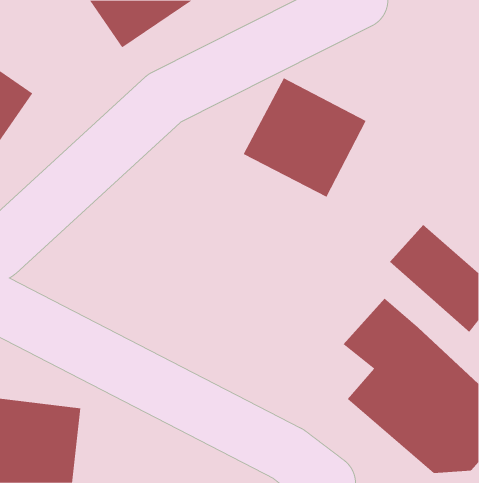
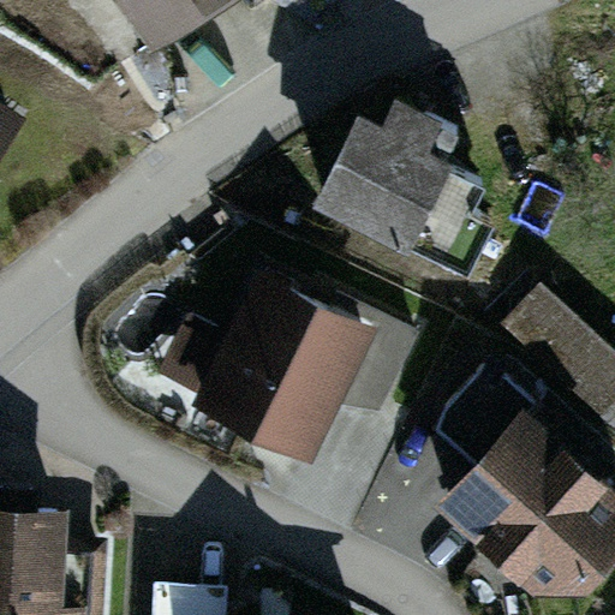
building: none -> [183,261,389,468]

